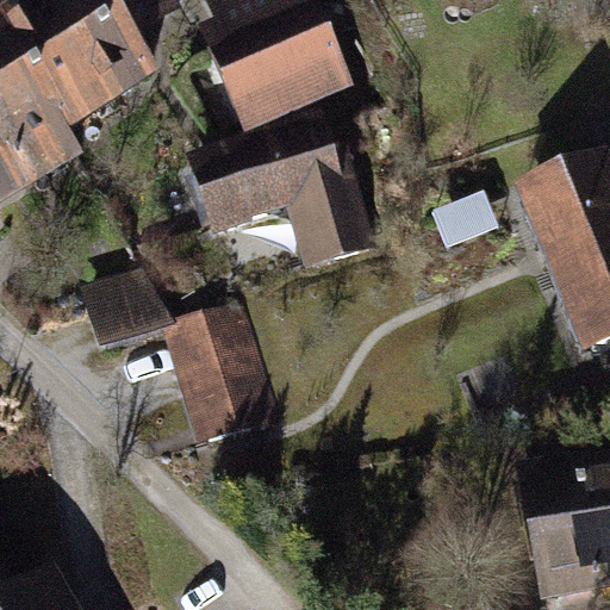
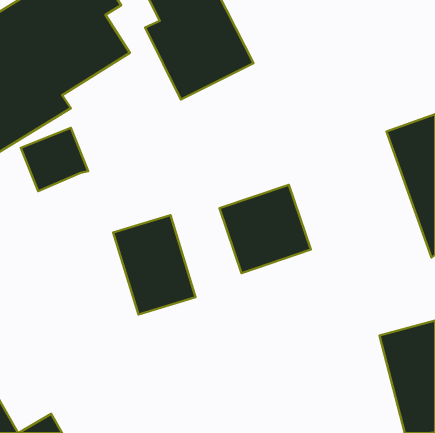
building: [191,114,373,274] -> none
building: none -> [220,185,311,273]
building: [74,259,167,346] -> [21,128,88,191]

